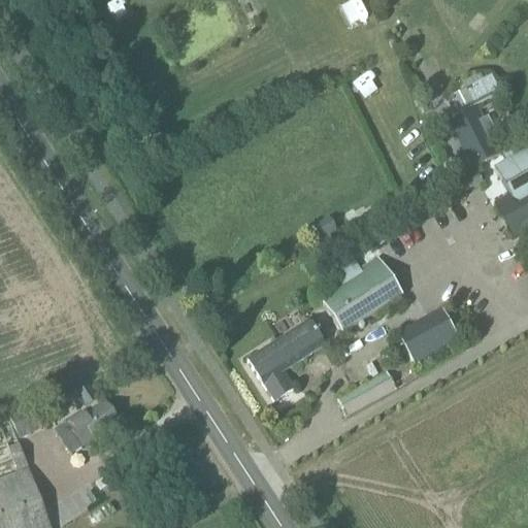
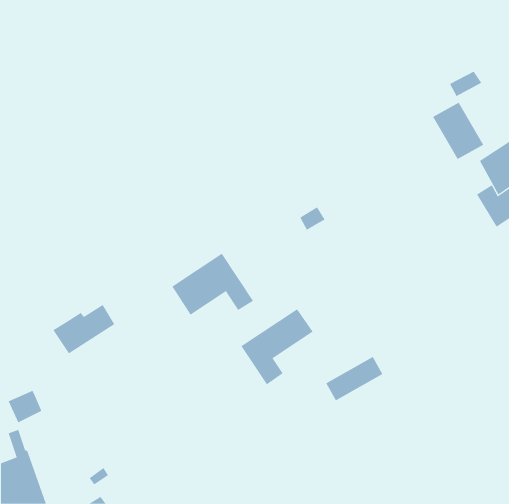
building: [317,254,403,333] -> none
building: none -> [172,253,254,315]
building: [393,307,460,364] -> none
building: [54,400,119,452] -> [52,304,115,354]

